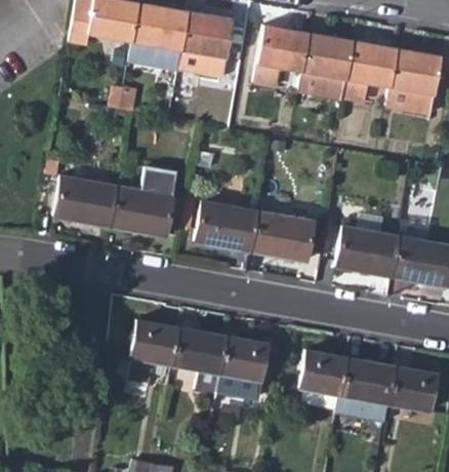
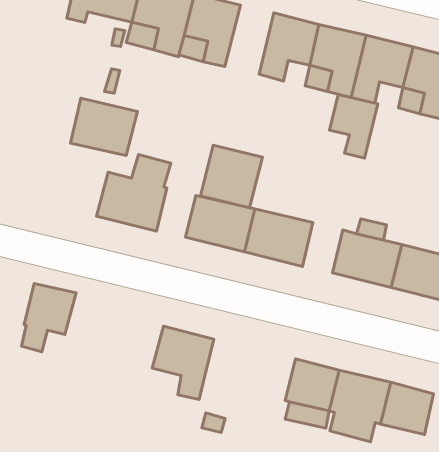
building: none -> [330,94,378,158]
building: none -> [200,145,262,208]
building: [56,175,118,227] -> [70,98,138,156]
building: [131,320,179,384] -> [22,284,76,352]
building: [220,336,270,398] -> none

